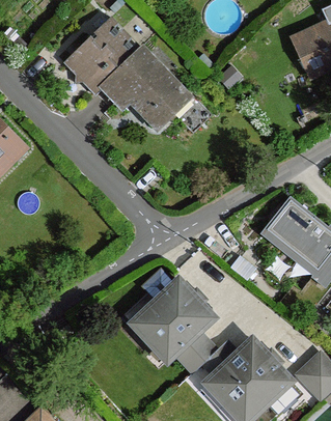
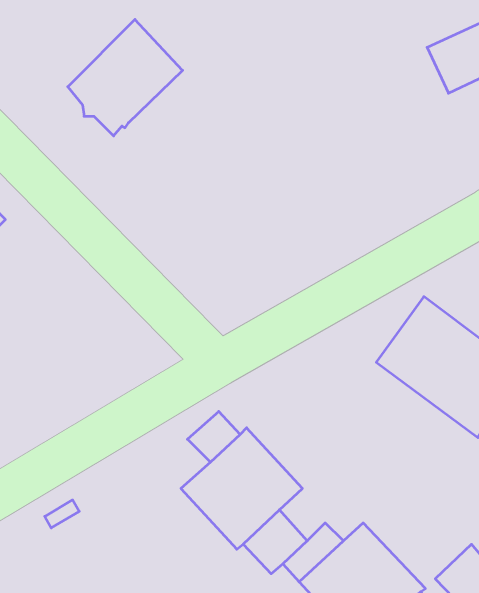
building: [104,49,184,127] -> none

